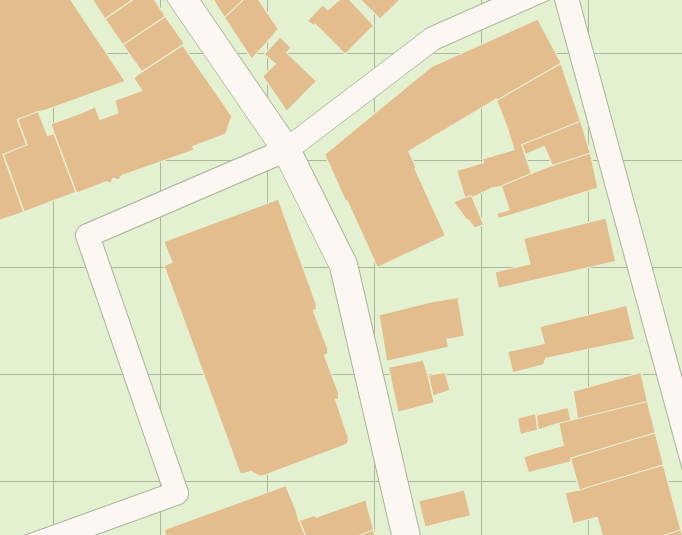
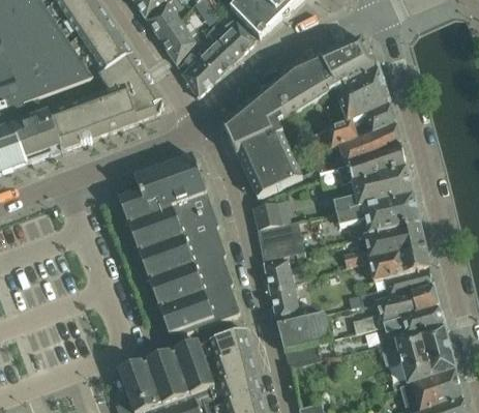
building: none -> [193,38,236,76]
building: none -> [336,145,406,181]
building: none -> [335,193,419,235]
building: none -> [252,197,291,228]
building: none -> [366,243,428,281]
building: none -> [270,285,300,319]
building: none -> [277,312,330,349]
building: none -> [199,326,249,359]

